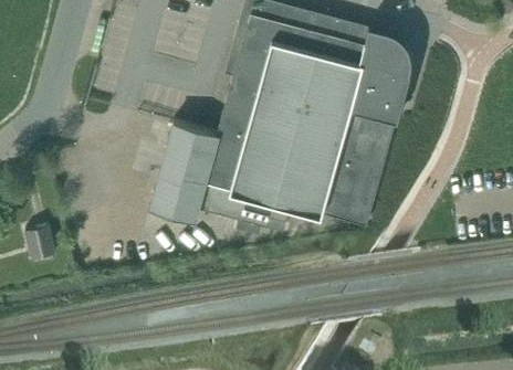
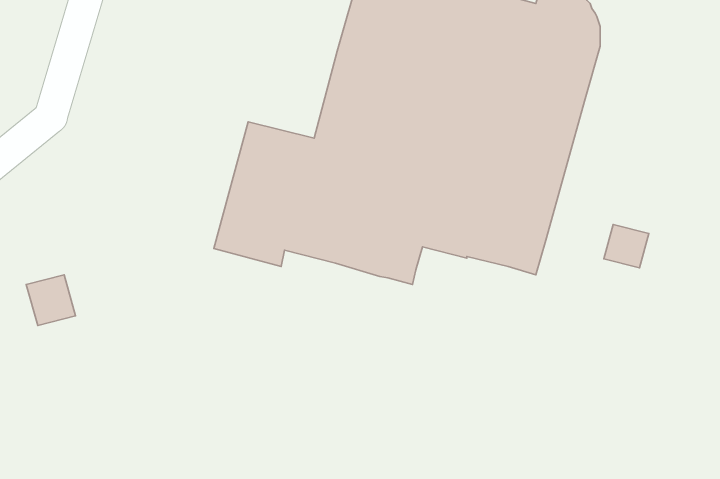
building: none -> [604,224,649,268]

